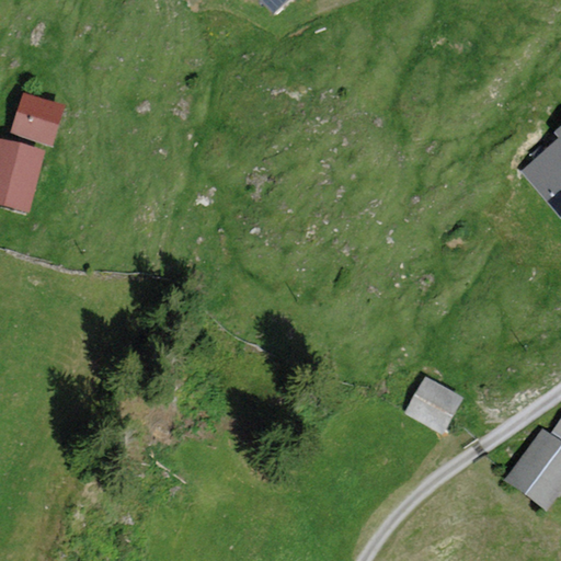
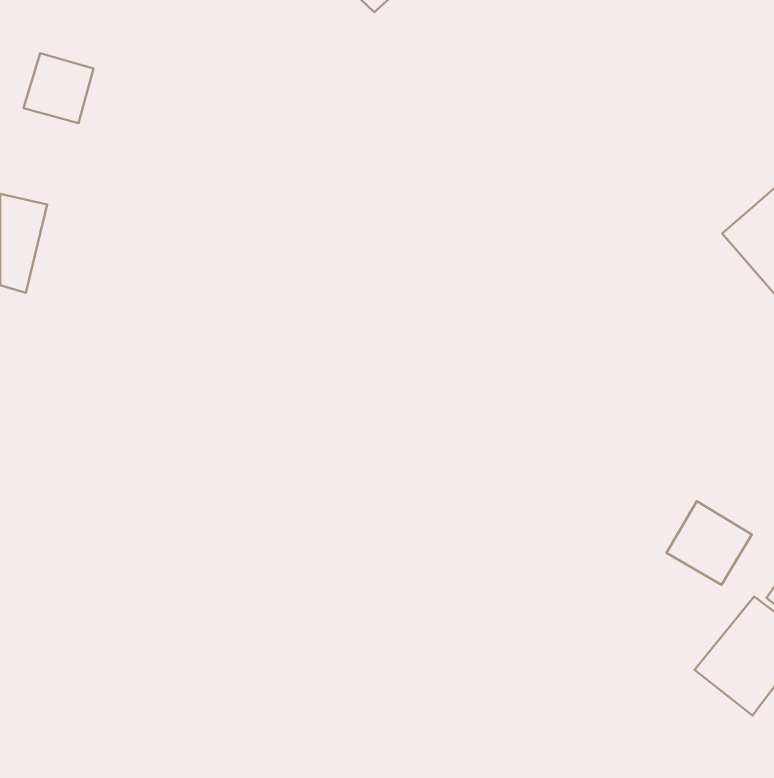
building: [9,91,59,141] -> [23,53,94,123]
building: [403,376,465,436] -> [666,501,752,585]

